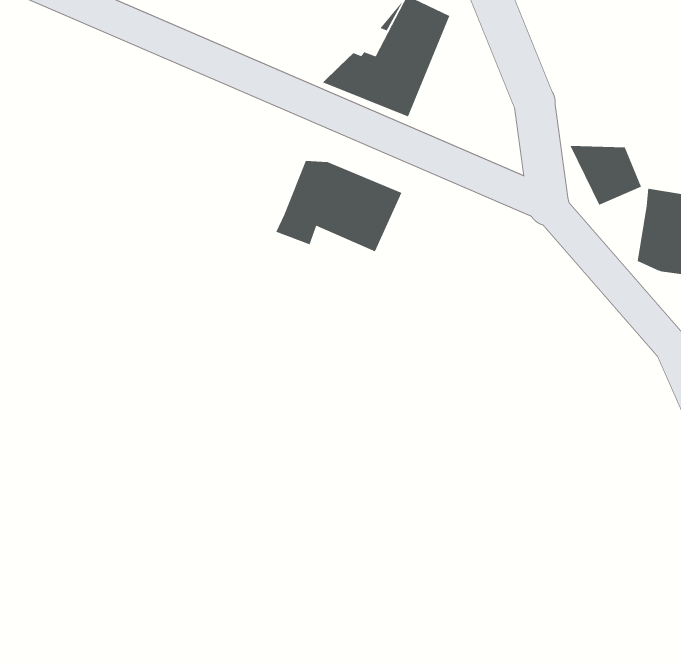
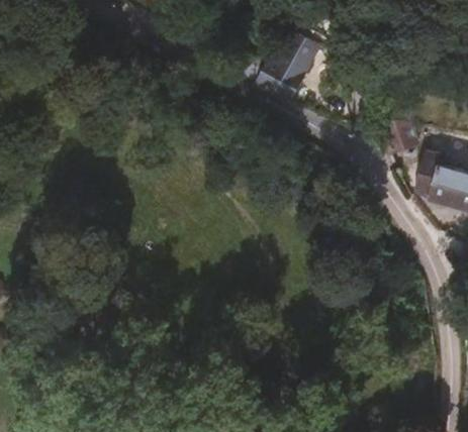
building: [276,160,402,252] -> none

